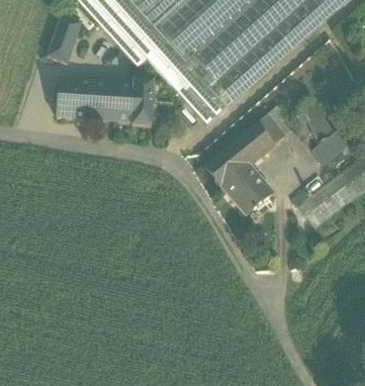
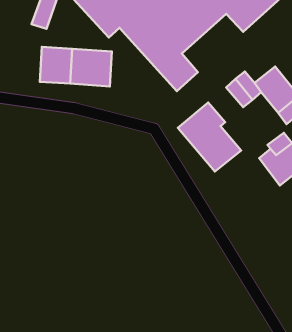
building: [209,43,275,106] -> none
building: [132,80,154,125] -> none
building: [238,122,275,160] -> none

